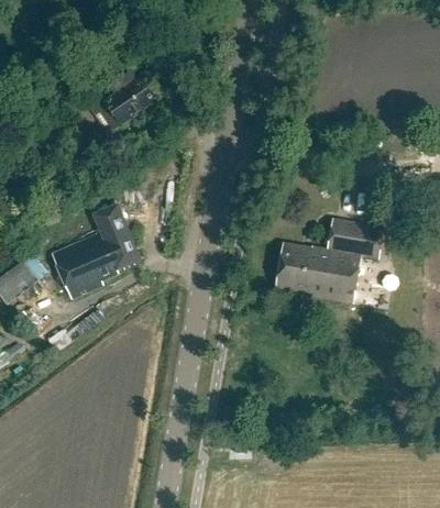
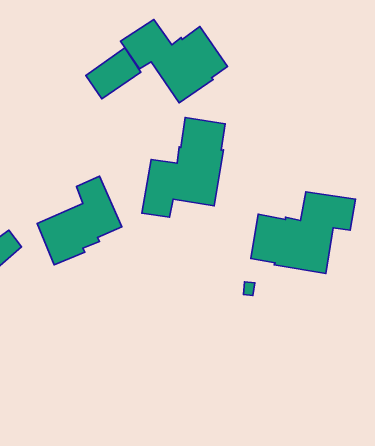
building: none -> [121,19,227,103]
building: none -> [142,117,225,217]

